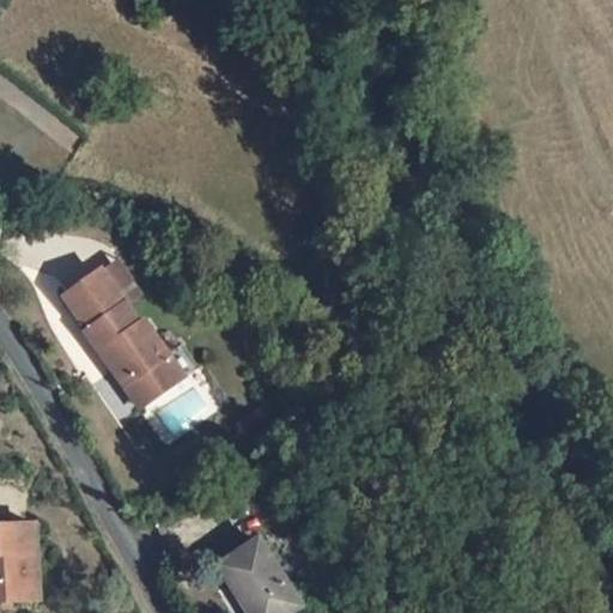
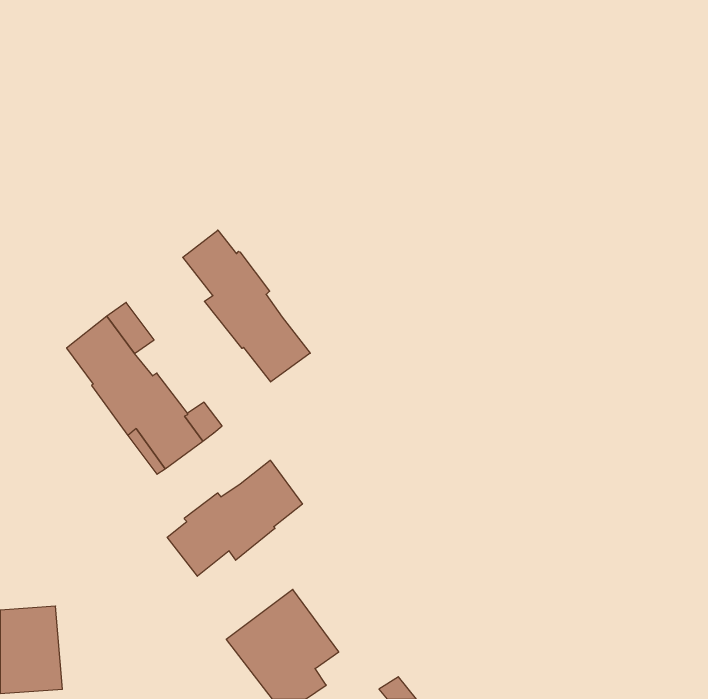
building: none -> [183,230,310,382]
building: none -> [167,460,302,576]

